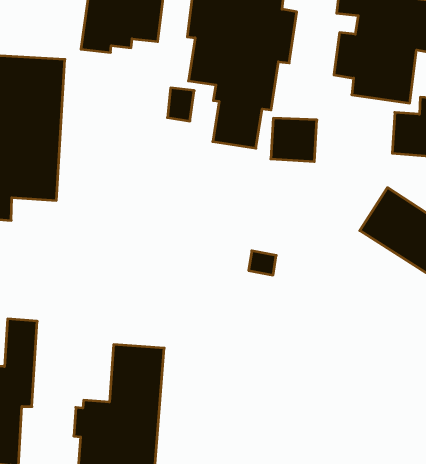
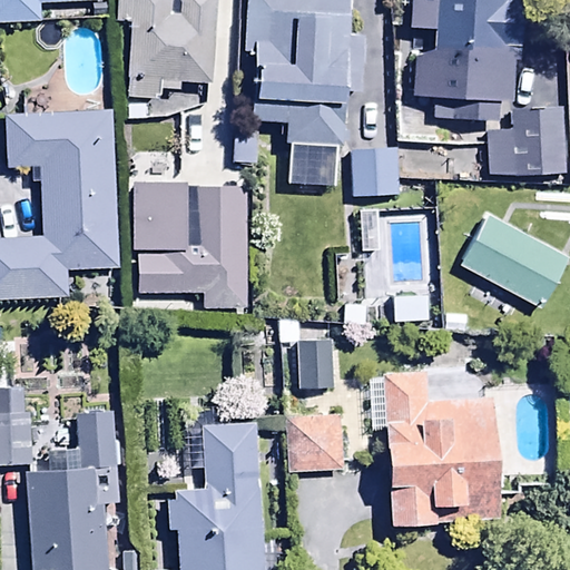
building: none -> [132,179,247,306]
building: none -> [277,321,333,391]
building: none -> [384,368,500,519]
building: none -> [286,414,343,469]

